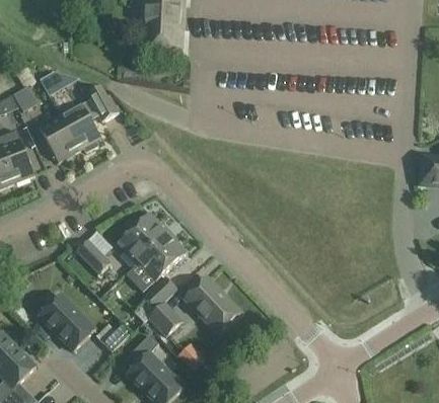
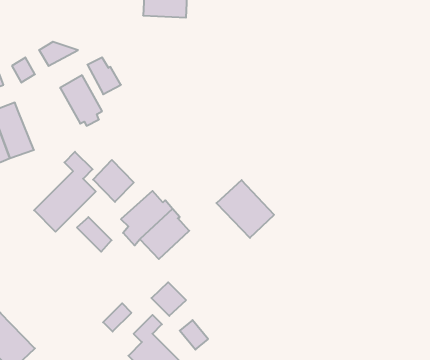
building: [39,115,79,162] -> none
building: none -> [34,152,96,232]
building: none -> [93,160,134,202]
building: [143,276,176,310] -> none
building: [184,277,239,333] -> [216,180,274,238]
building: [39,294,94,350] -> none

